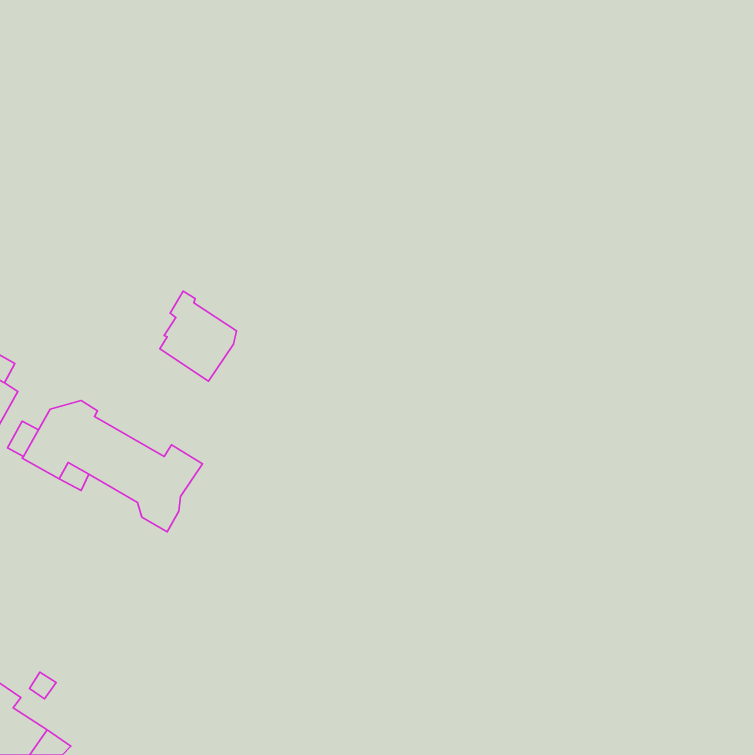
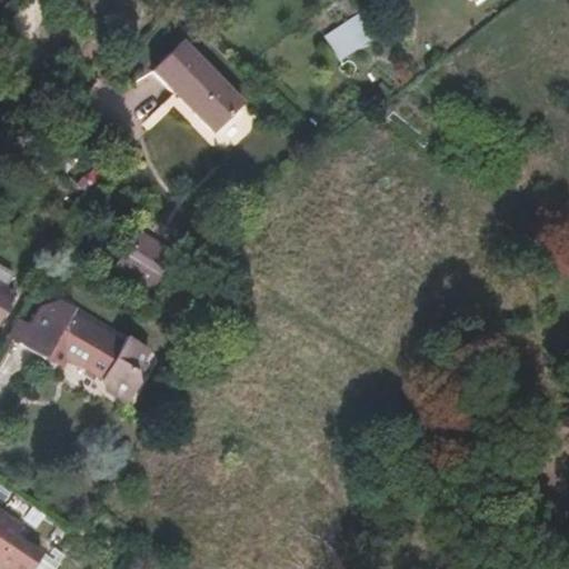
building: none -> [322,12,372,60]
building: none -> [157,41,244,130]

